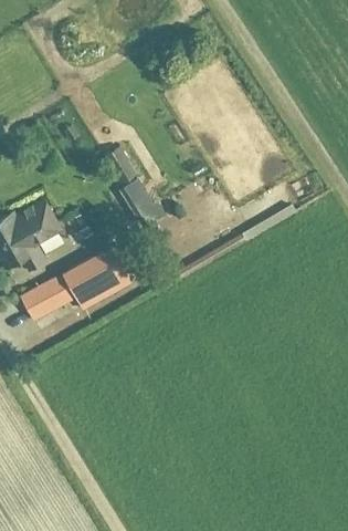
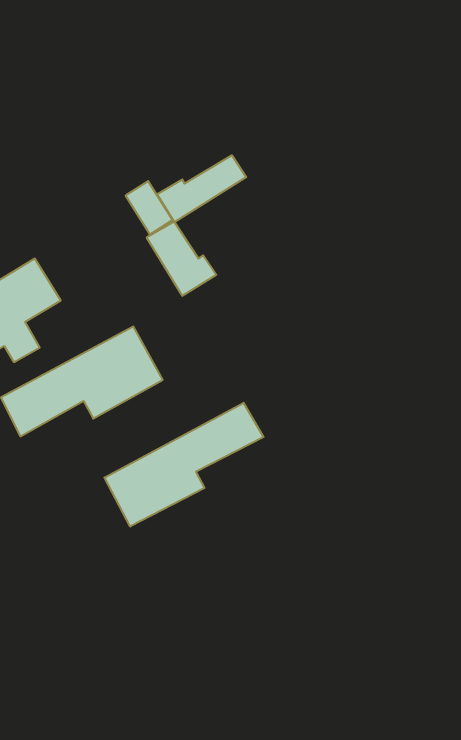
building: none -> [157,155,246,222]
building: none -> [104,403,264,527]

